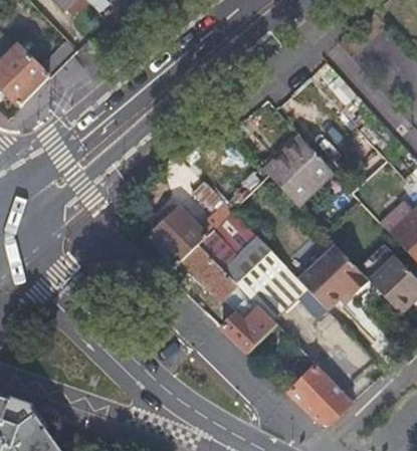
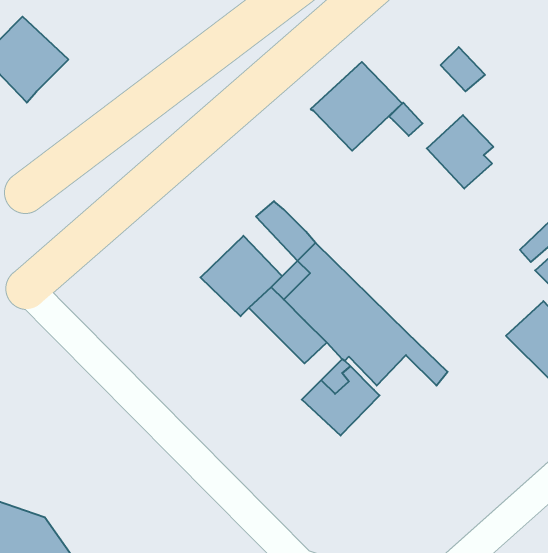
building: [265,141,332,205] -> [311,62,402,151]
building: [296,243,368,305] -> none
building: [287,362,353,421] -> none

